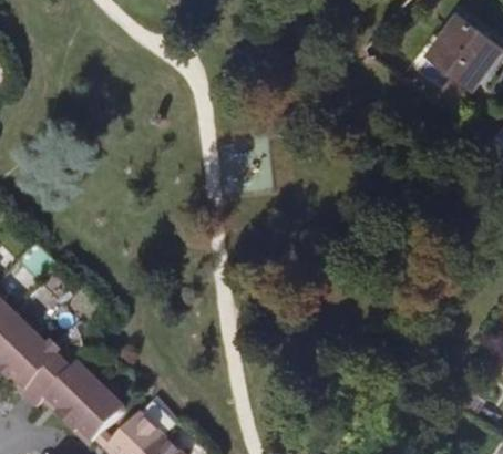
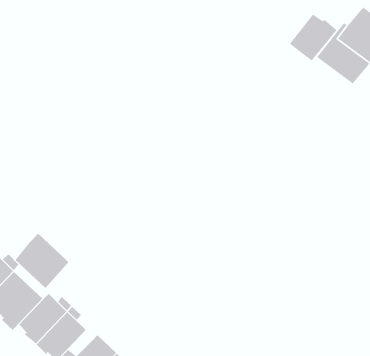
building: none -> [289,13,337,62]
building: none -> [15,233,69,289]

